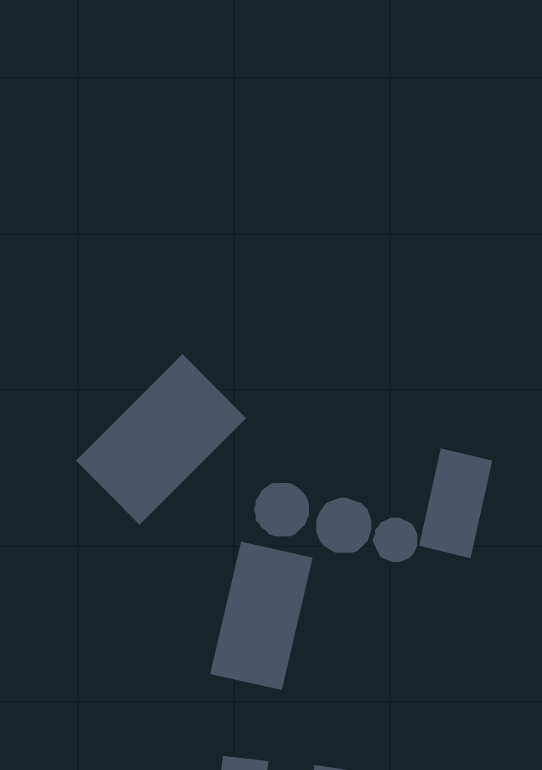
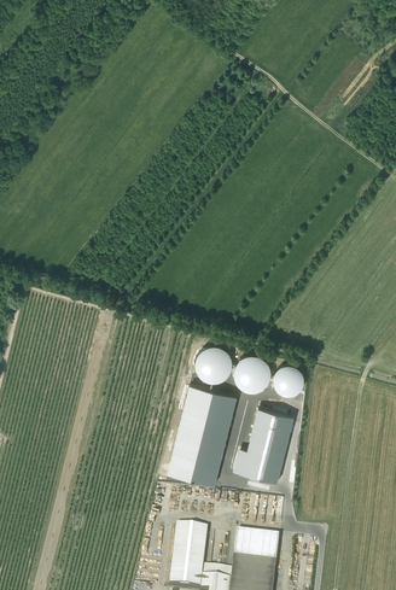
building: [75,353,247,525] -> none
building: [418,447,493,559] -> [243,408,292,481]

